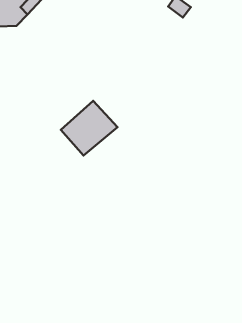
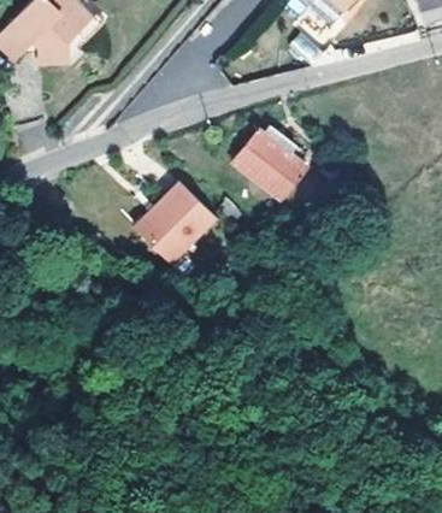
building: none -> [232,129,310,206]

